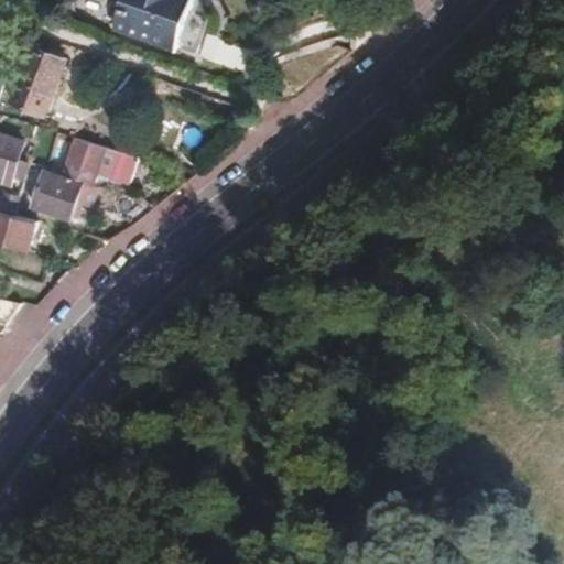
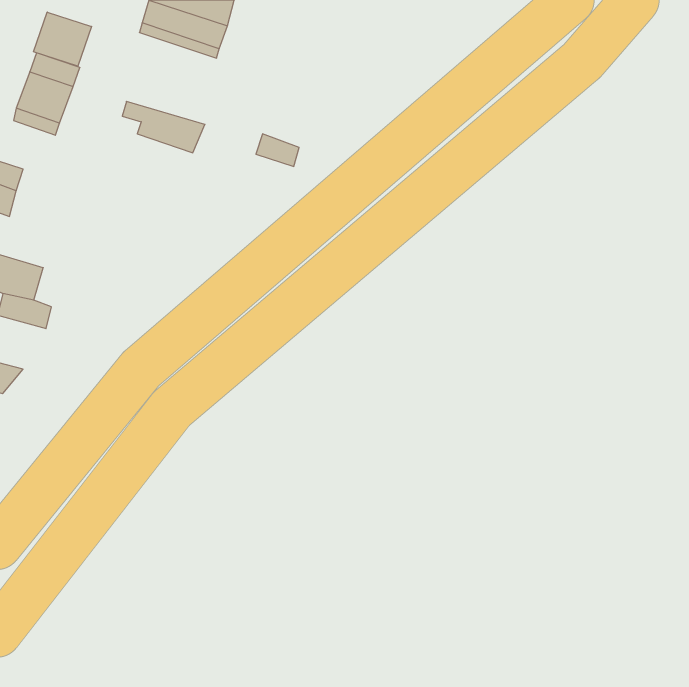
building: none -> [34,12,92,66]
building: [69,138,137,180] -> [122,101,205,153]
building: [32,171,80,217] -> none

